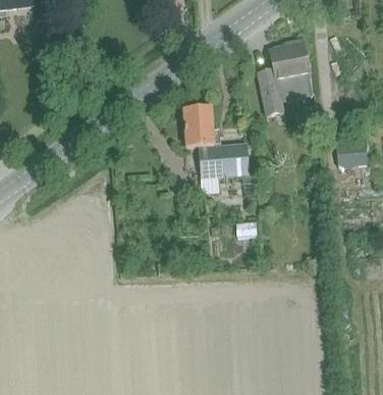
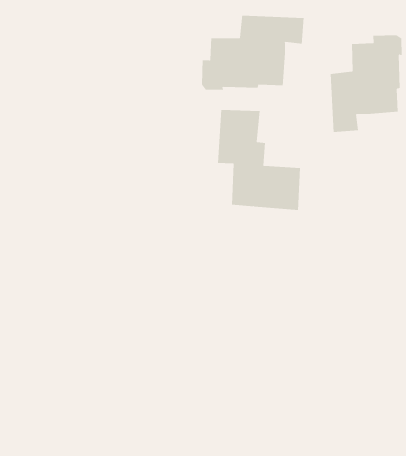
building: none -> [202,15,304,91]

